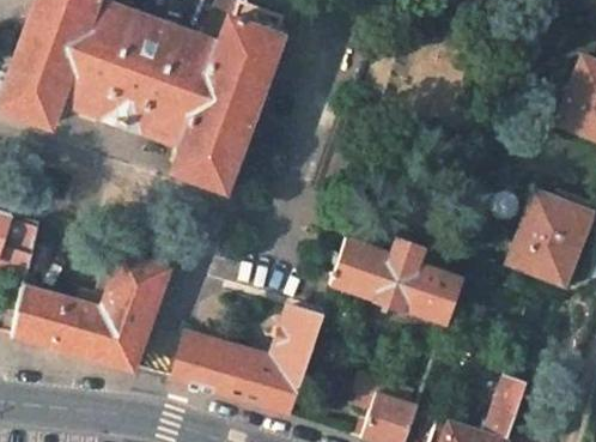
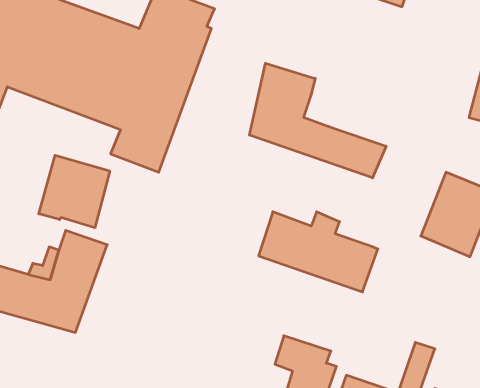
building: none -> [249,63,386,178]
building: none -> [39,155,110,228]
building: [172,307,322,413] -> none

